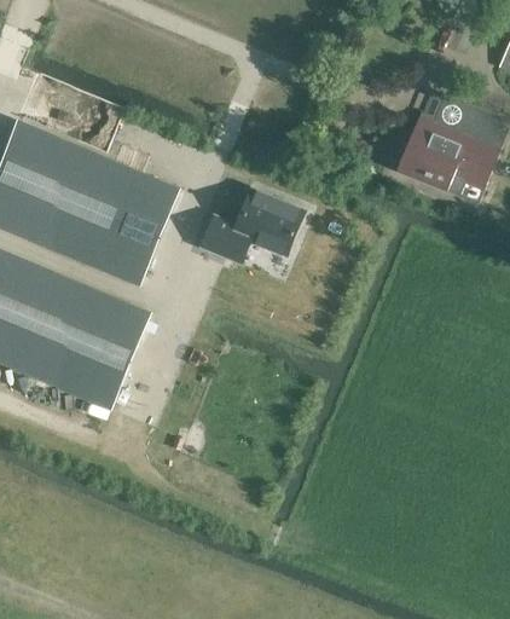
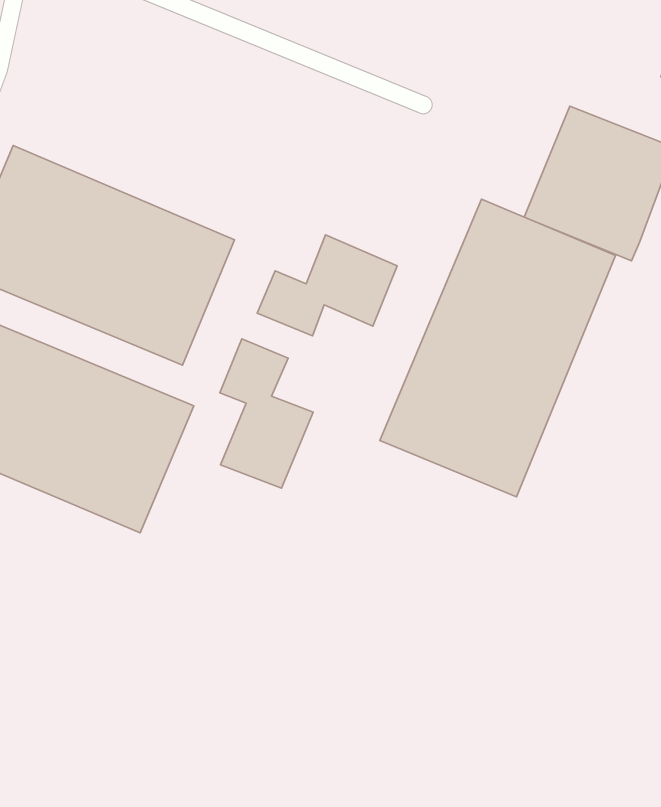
building: none -> [380,199,616,497]
building: none -> [220,339,313,488]

